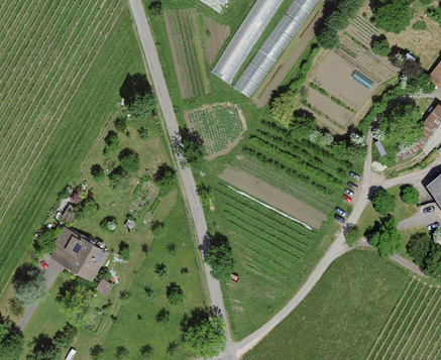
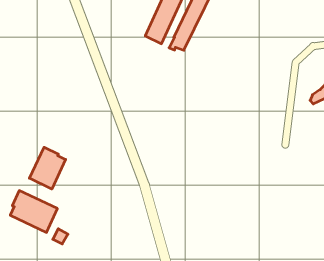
building: none -> [29,147,66,189]

